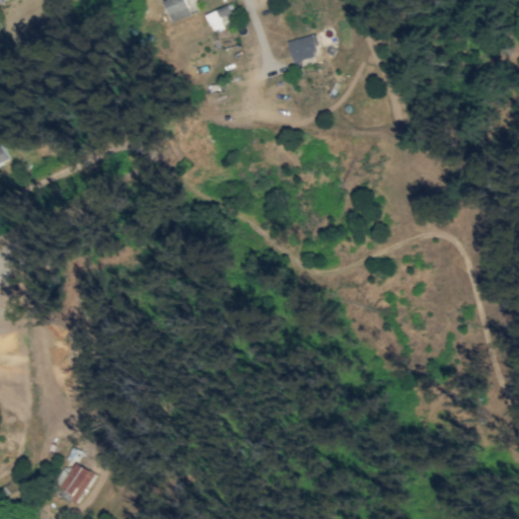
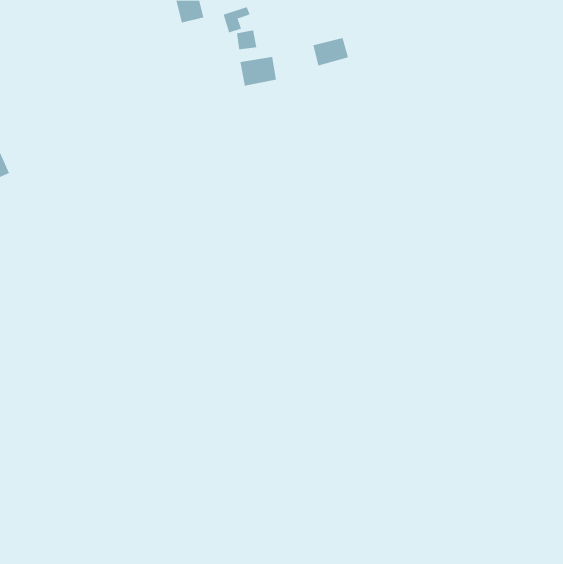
building: none -> [240,56,277,87]
building: [57,462,95,504] -> none

